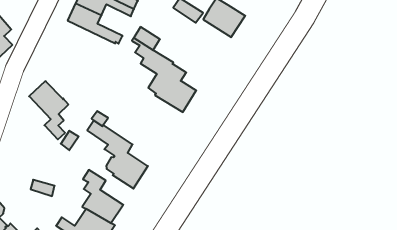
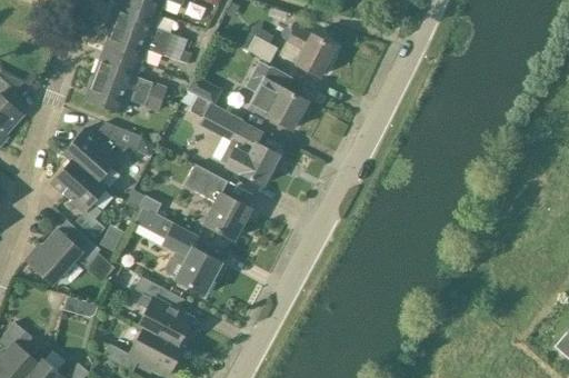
building: none -> [84,74,162,115]
building: none -> [244,61,307,130]
building: none -> [63,121,157,182]
building: none -> [183,163,250,241]
building: none -> [24,228,100,287]

